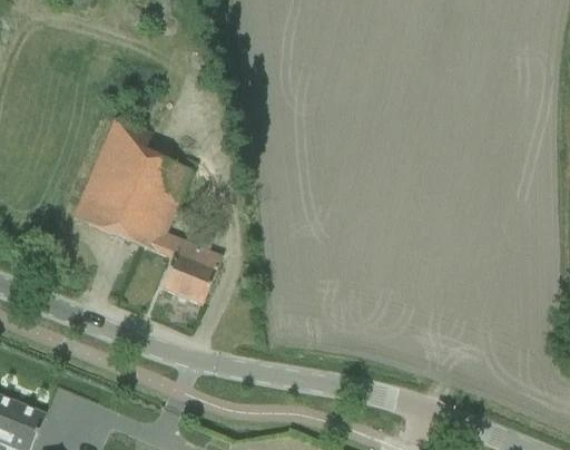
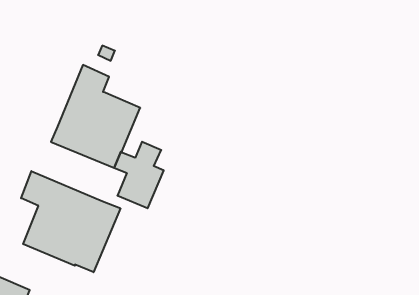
building: none -> [21,171,120,272]

